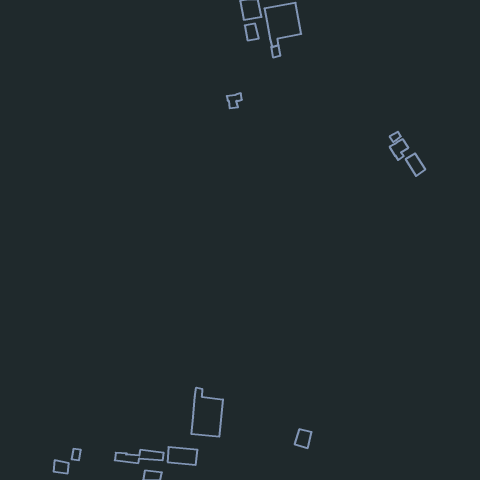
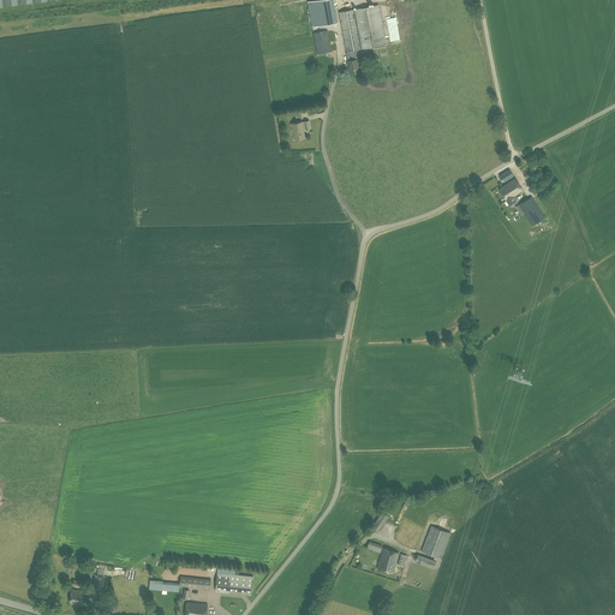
building: [191,388,223,437] -> none
building: none -> [420,525,449,557]

